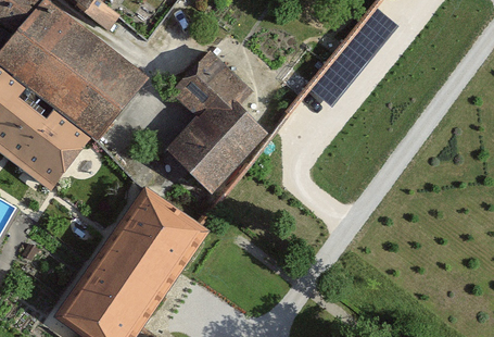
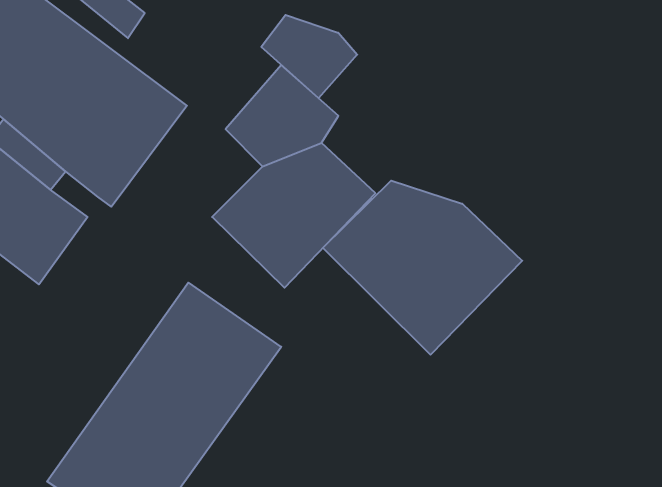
building: none -> [261,15,357,98]
building: none -> [323,181,522,355]

